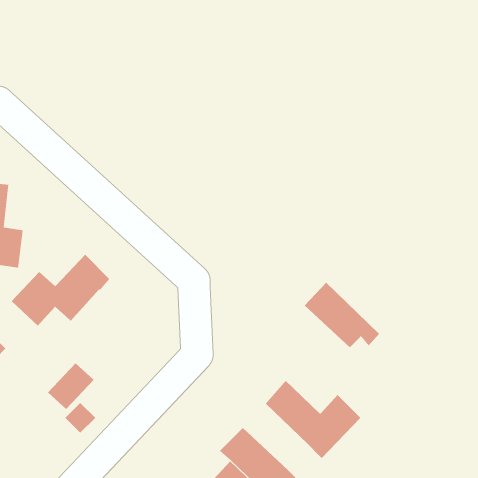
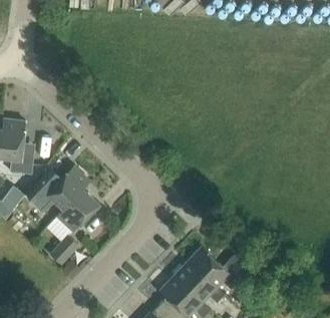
building: [304,282,380,348] -> [174,262,222,304]
building: none -> [56,190,98,232]

